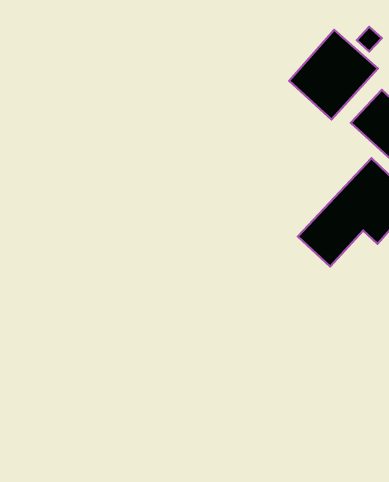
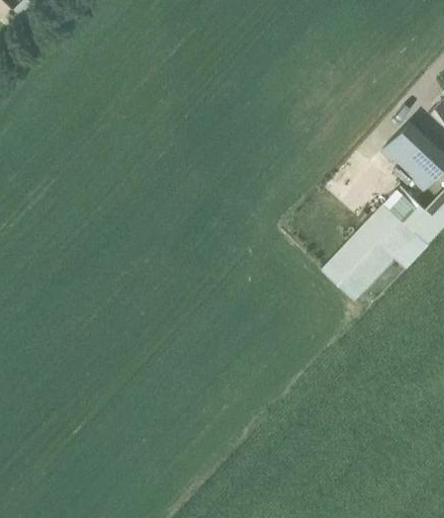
building: [289,30,378,120] -> none

